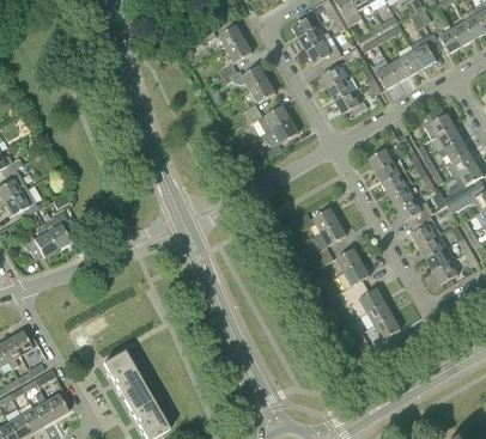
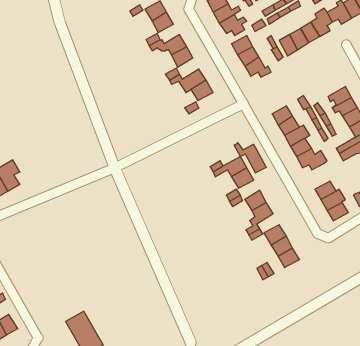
building: [419,104,454,138] -> none
building: none -> [234,143,266,173]
building: [411,214,441,245] -> none
building: [102,349,146,401] -> none

